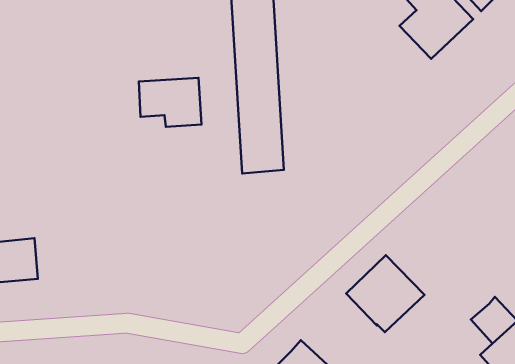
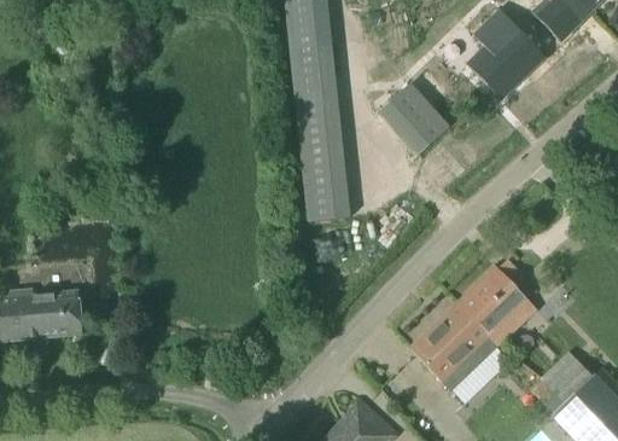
building: none -> [374,81,449,156]
building: [139,78,201,127] -> none
building: none -> [453,263,537,350]

